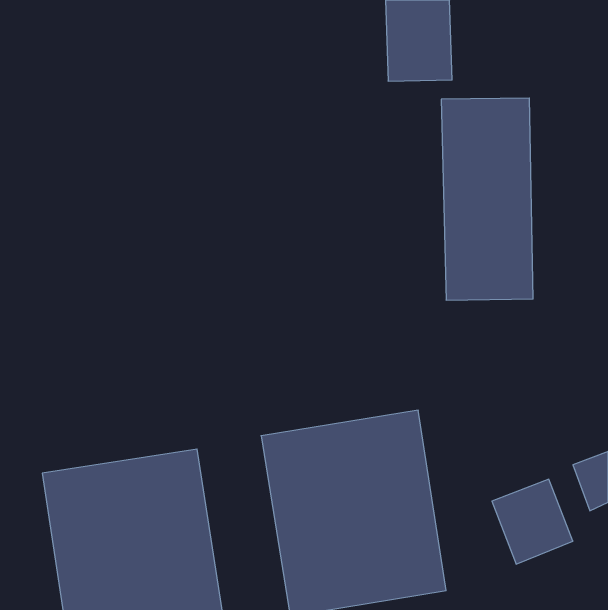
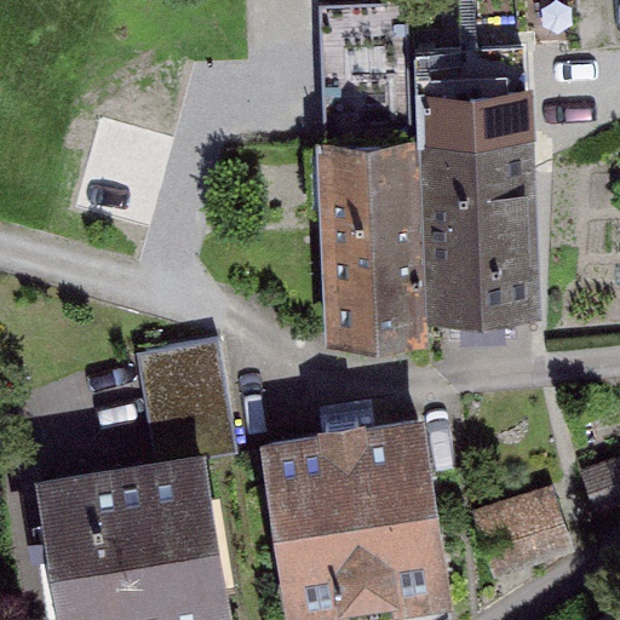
building: none -> [321,145,424,339]
building: none -> [132,345,231,453]

